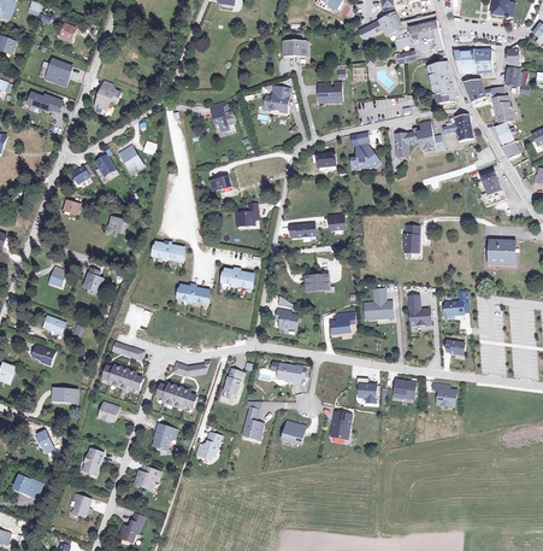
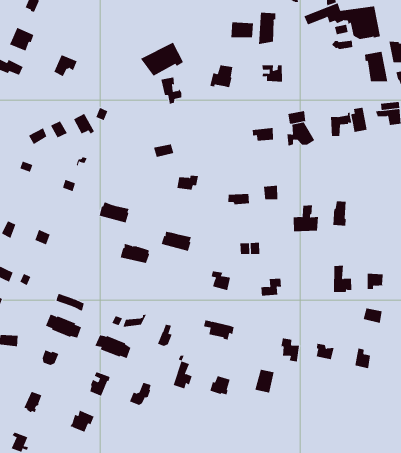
building: none -> [258,12,276,45]
building: none -> [140,42,184,76]
building: [364,287,391,317] -> [293,205,319,232]

